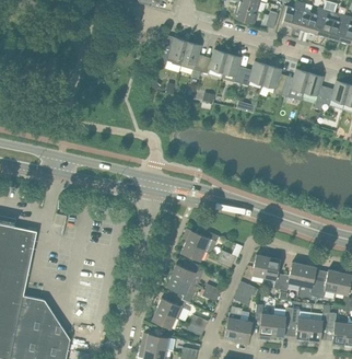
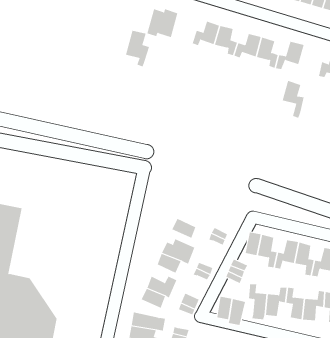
building: [180,42,204,78] -> [125,30,150,67]
building: [304,72,326,109] -> [282,80,304,119]
building: [181,227,219,252] -> none

